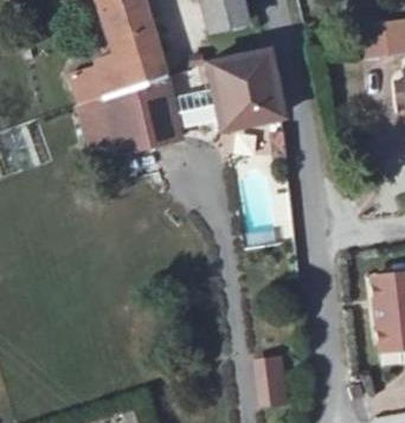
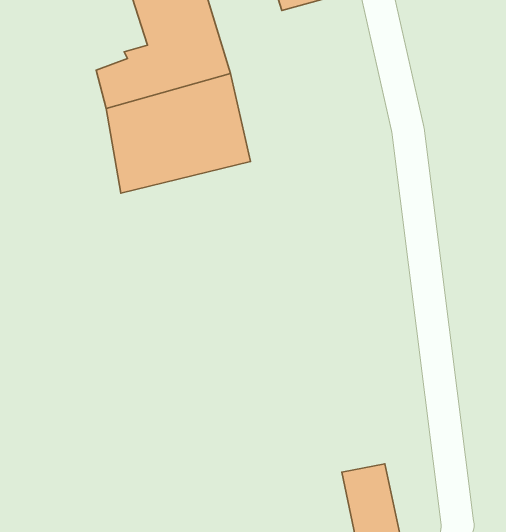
building: [200,47,282,132] -> none

